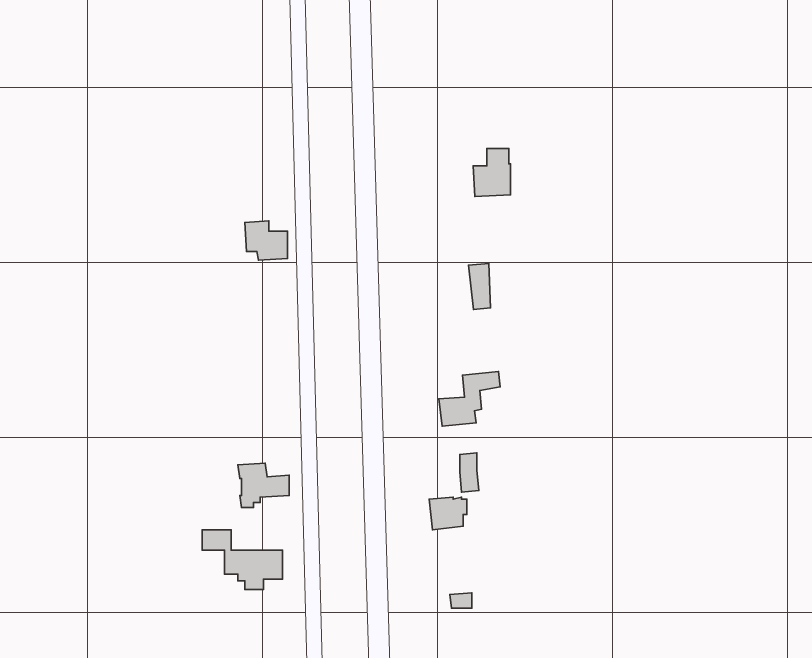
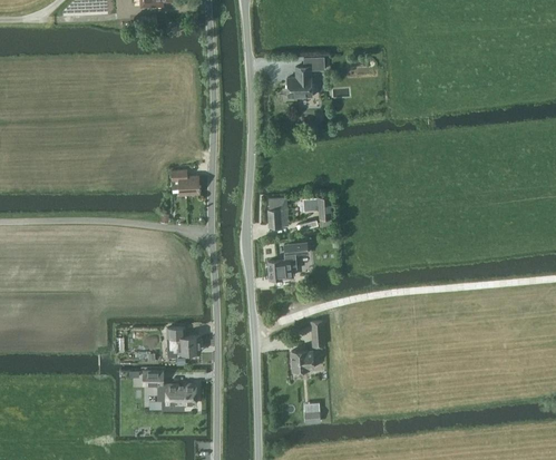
building: [473,149,511,196] -> [286,67,311,98]
building: none -> [267,197,287,226]
building: [439,372,500,426] -> [267,243,308,278]

